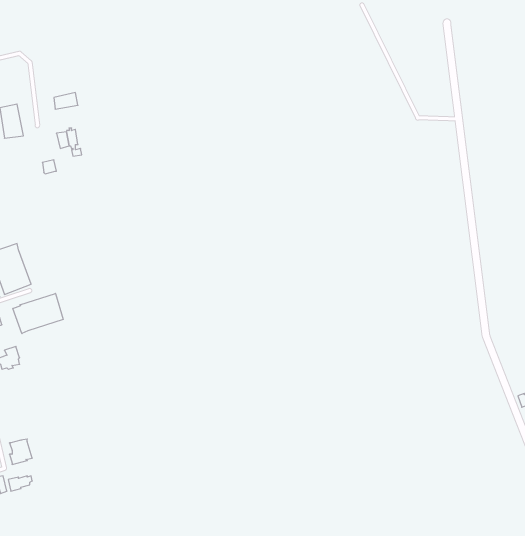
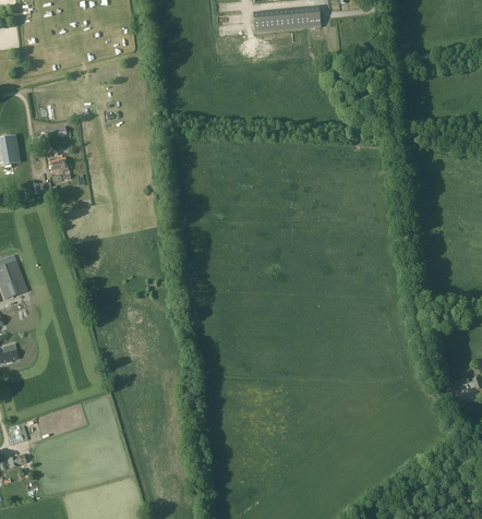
building: [13,293,63,334] -> none

